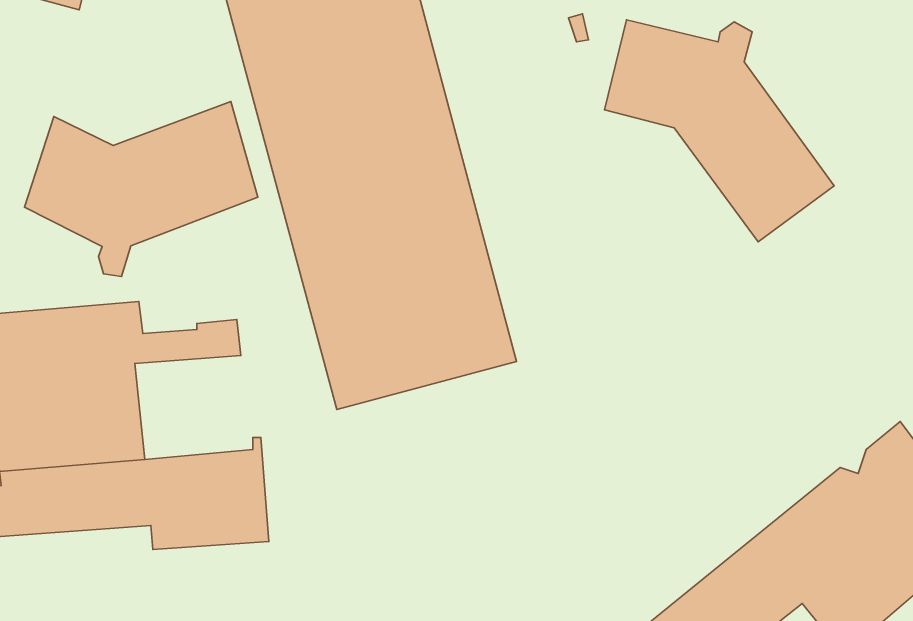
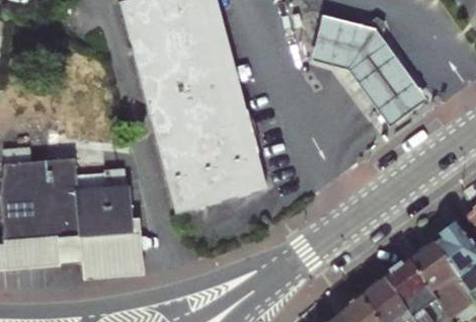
building: [25,101,258,277] -> none
building: none -> [73,184,133,237]

